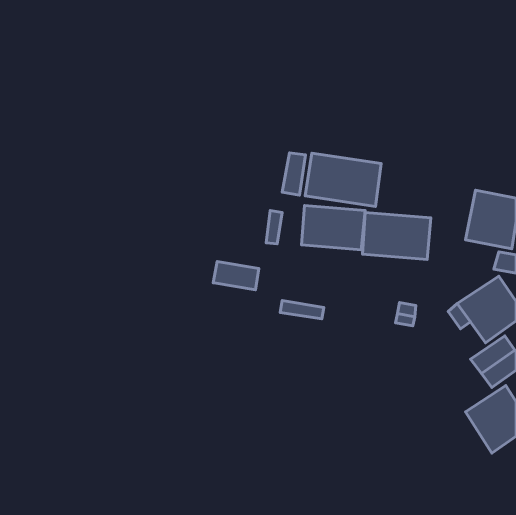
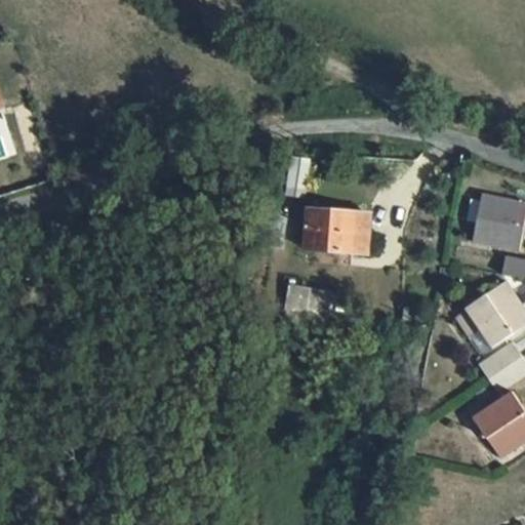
building: [305,153,381,206] -> none
building: [362,212,431,259] -> none
building: [213,261,259,290] -> [285,283,331,312]

